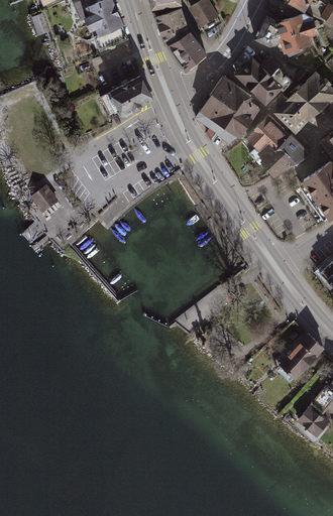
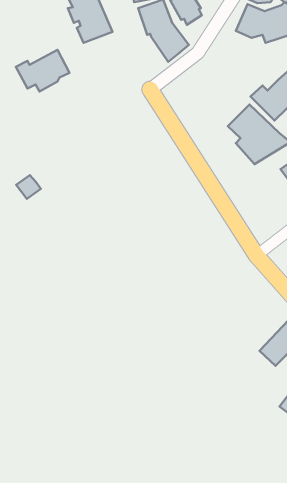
building: [236,57,292,103] -> none
building: [97,76,151,118] -> [16,50,69,92]
building: [195,77,258,142] -> none

